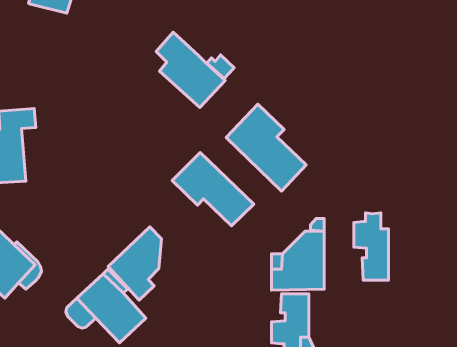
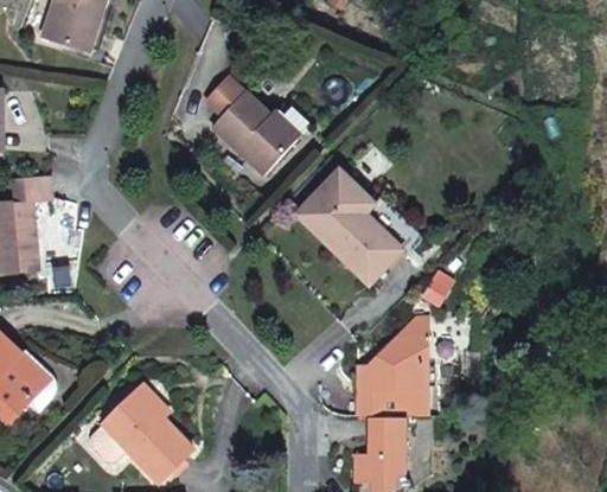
building: [172,152,254,226] -> none
building: [354,213,389,280] -> none
building: [108,227,161,300] -> none

